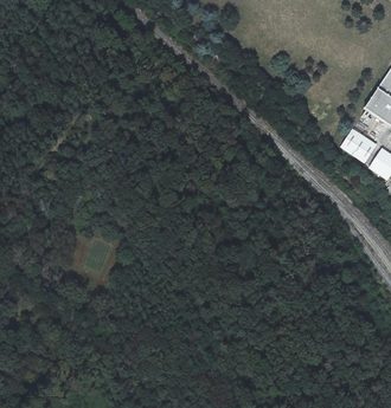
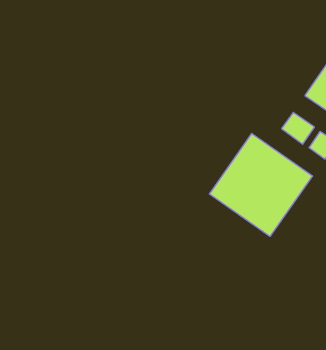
building: none -> [209,133,312,236]

